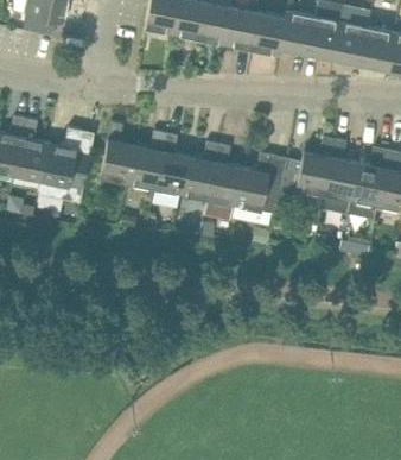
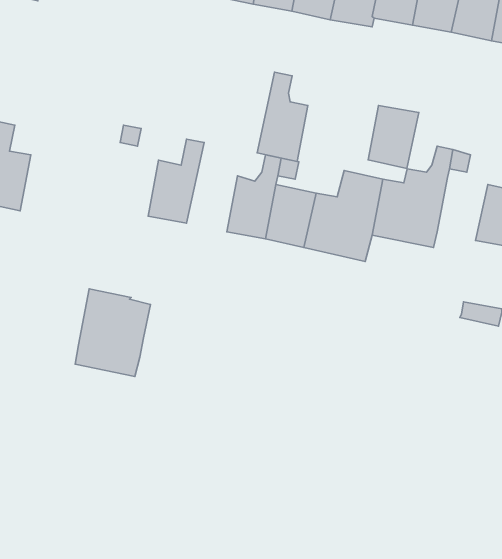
building: [153,134,187,195] -> [257,72,308,161]
building: [98,140,134,184] -> none
building: [38,143,89,202] -> [75,289,150,376]
building: [323,158,357,201] -> [368,106,419,169]

